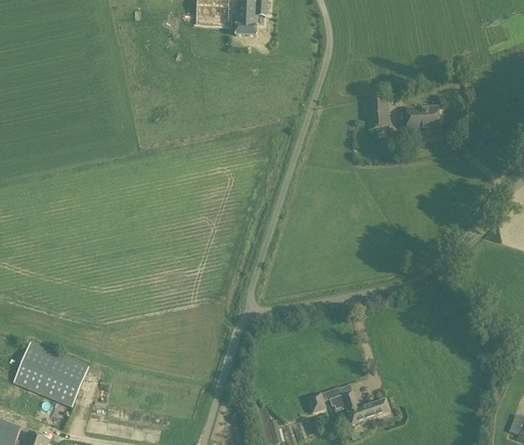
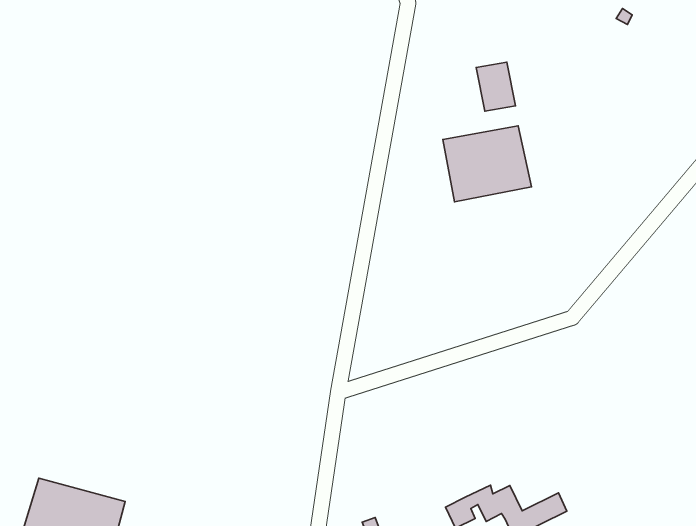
building: [406,105,439,131] -> none
building: none -> [443,126,531,202]

